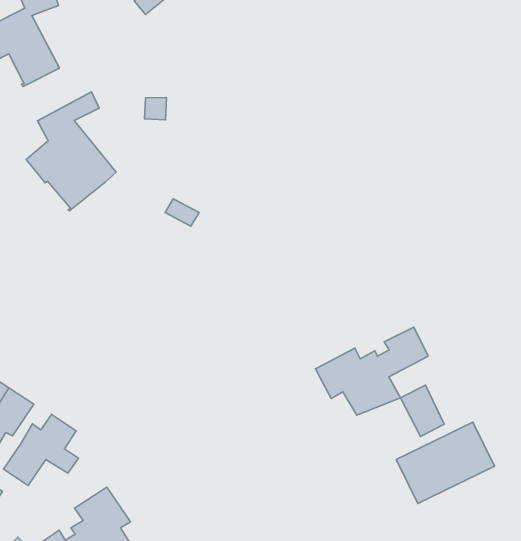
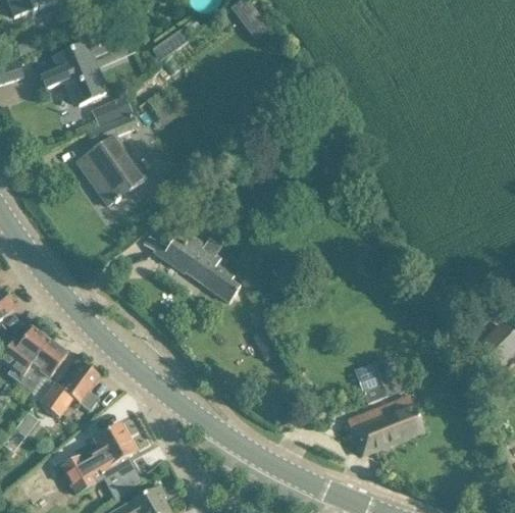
building: none -> [93,96,134,127]
building: none -> [146,220,241,302]
building: [316,327,428,415] -> none

